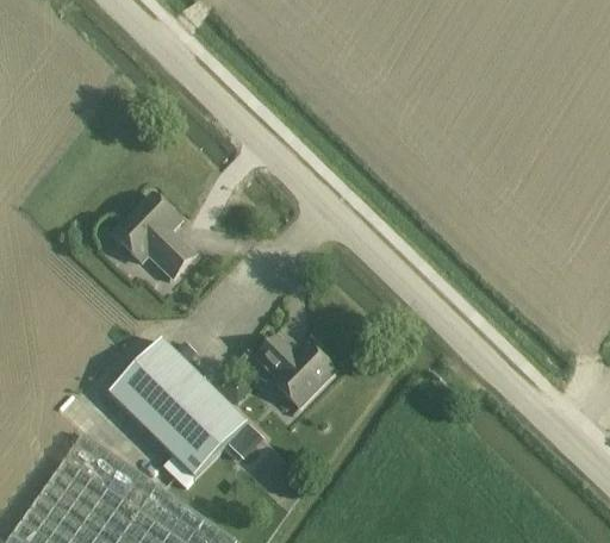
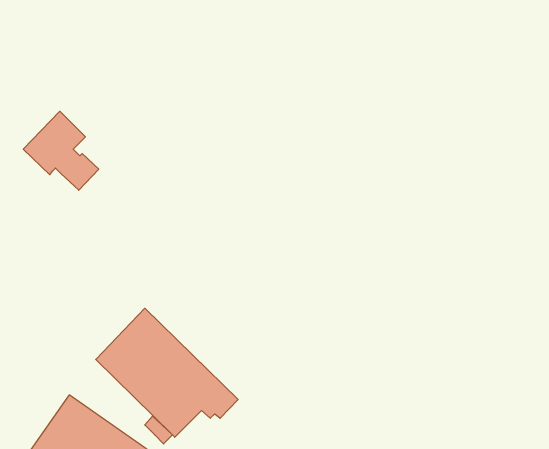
building: [114,195,195,280] -> [23,111,99,190]
building: [259,338,336,408] -> none

